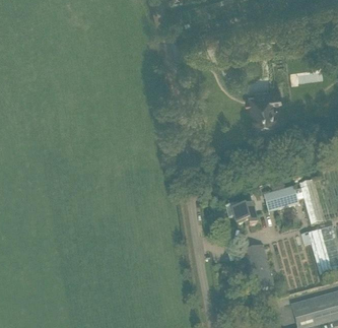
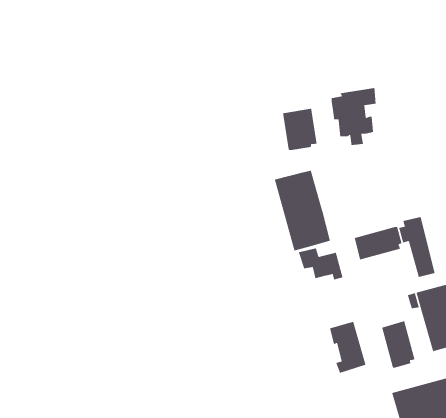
building: none -> [282,108,317,151]
building: none -> [274,170,331,251]
building: none -> [381,320,416,368]

